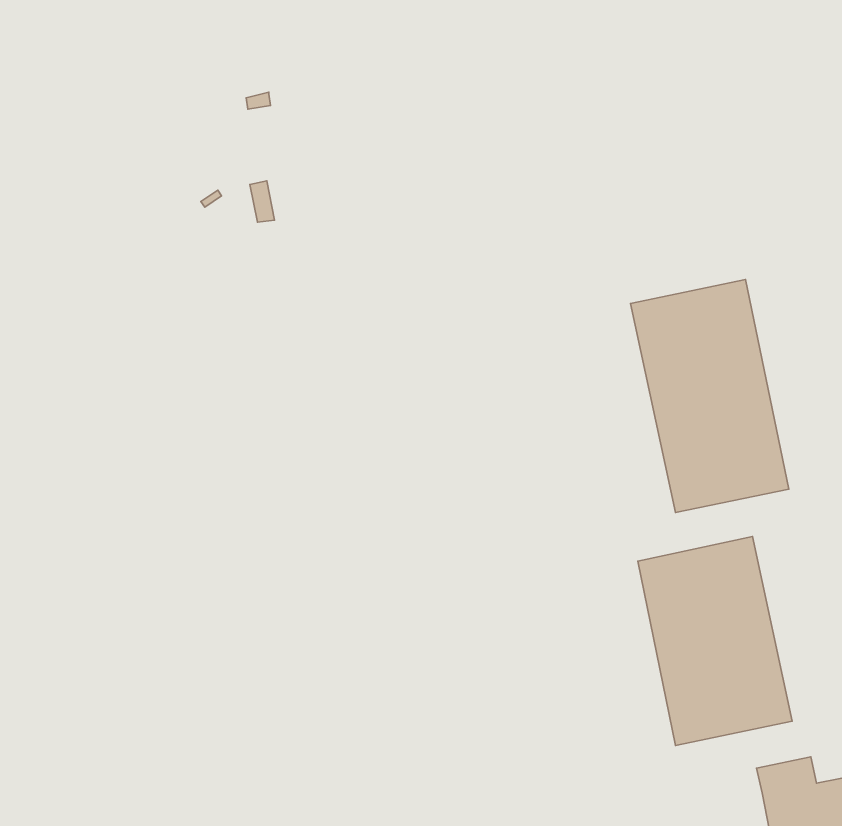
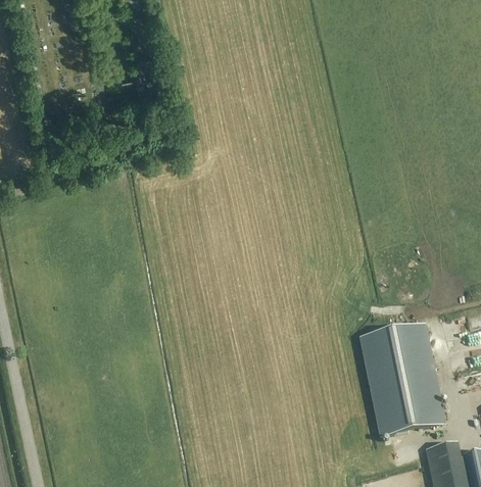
building: [631,280,789,513] -> none

